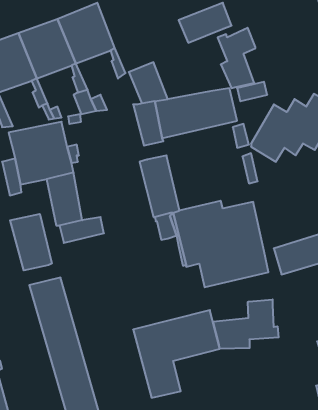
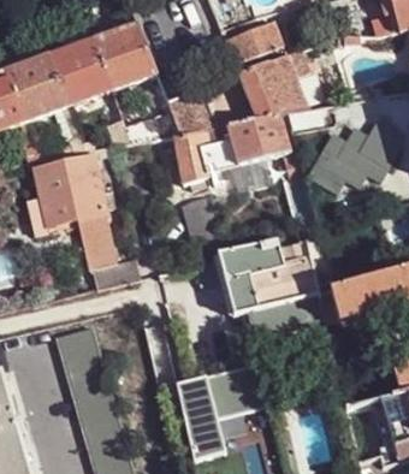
building: none -> [237,58,283,118]
building: [10,214,52,270] -> none
building: [213,299,279,349] -> none

